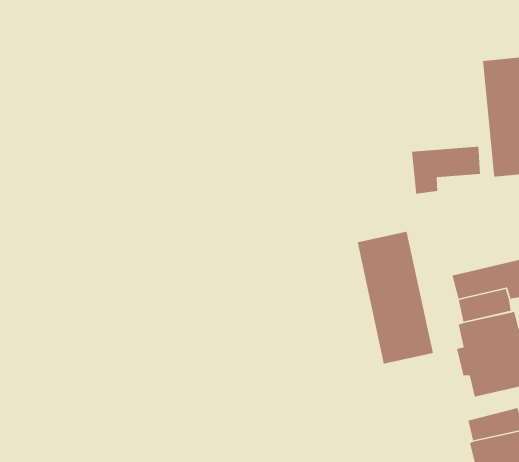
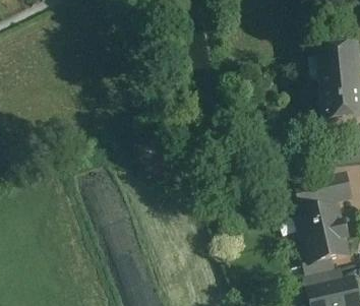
building: [411,146,481,194] -> none
building: [357,231,434,364] -> none

